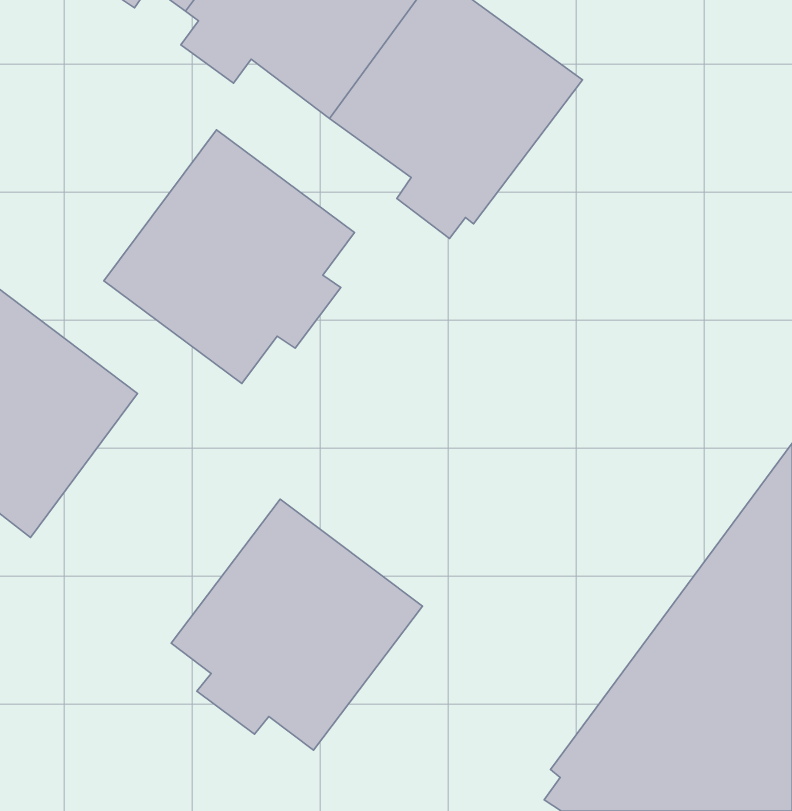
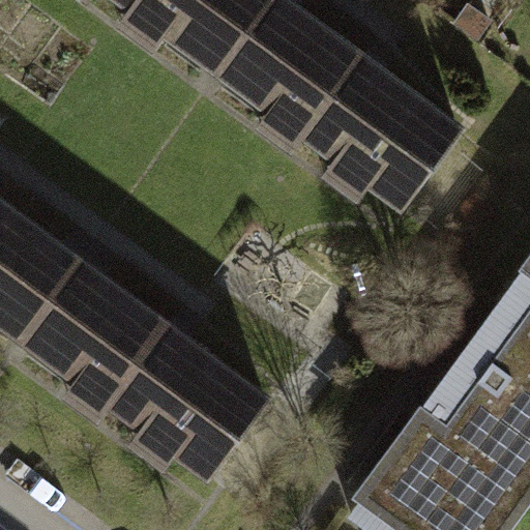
building: none -> [306,52,470,214]
building: [104,130,354,383] -> none
building: none -> [20,255,181,424]

